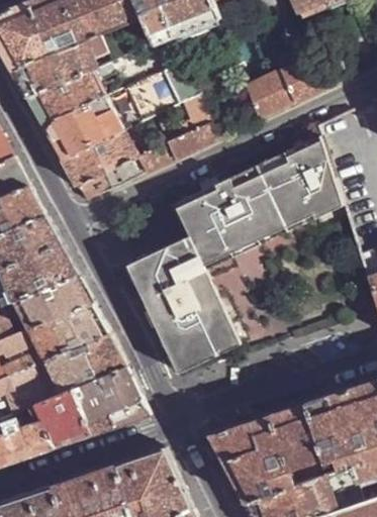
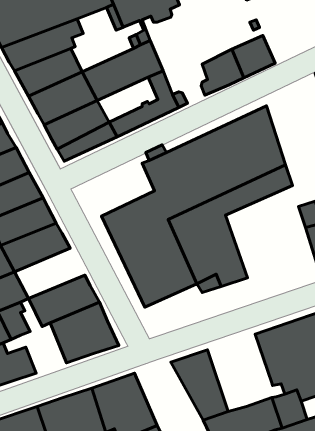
building: [26,302,108,360] -> none
building: [33,389,87,447] -> none
building: [251,402,325,492] -> none

